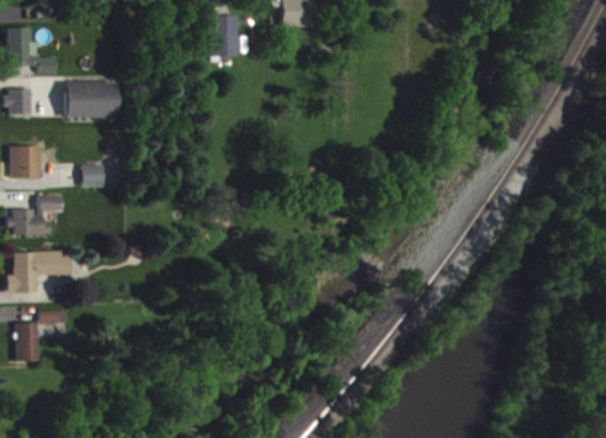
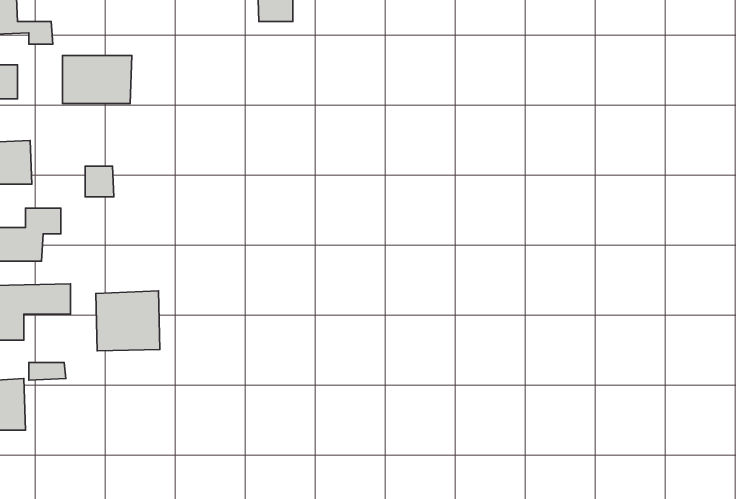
building: none -> [96,291,160,351]

